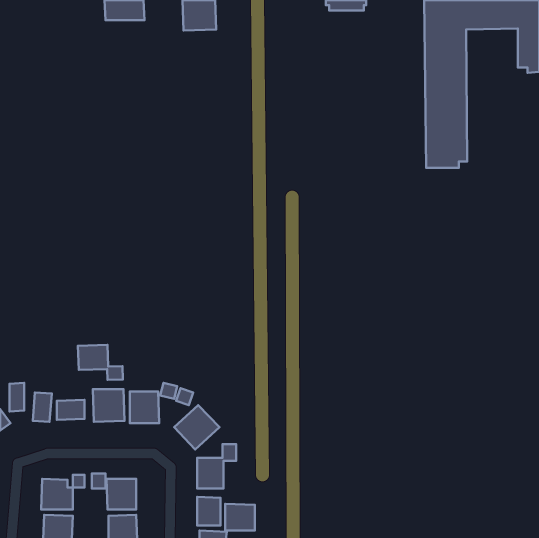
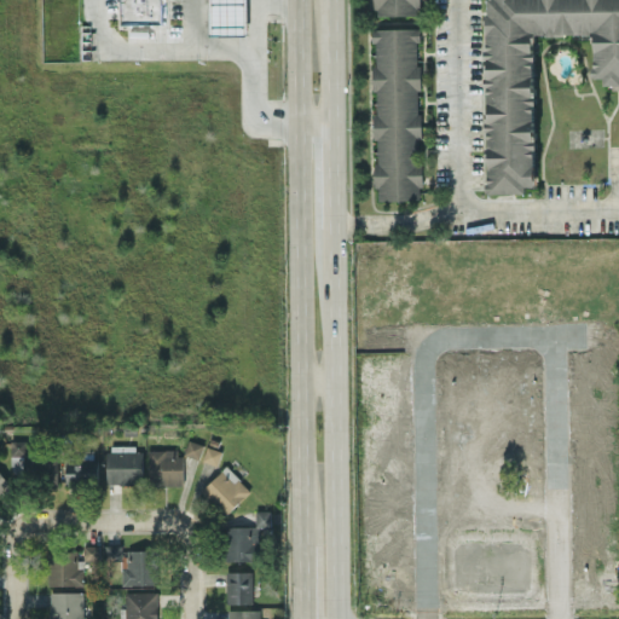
building: none -> [371,27,422,199]
building: [78,345,123,380] -> none
building: [225,504,255,531] -> none

